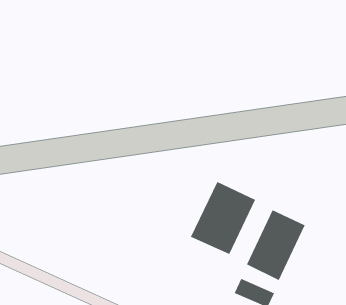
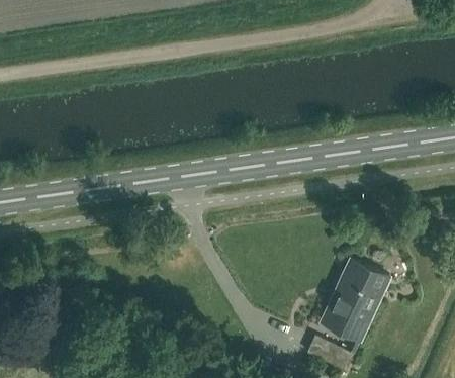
building: [190,181,256,255] -> none

